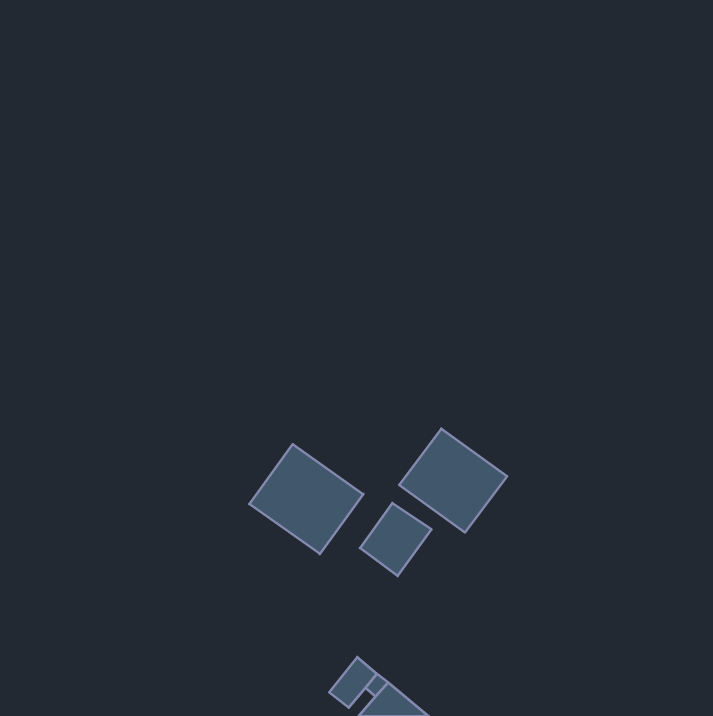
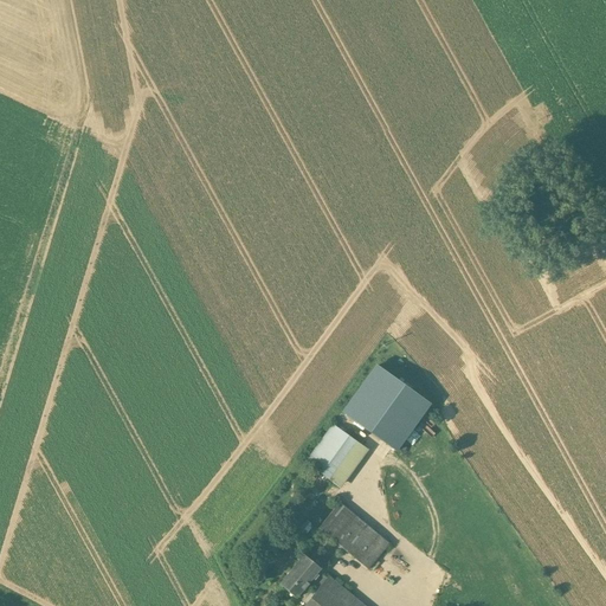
building: [249,444,363,554] -> none
building: none -> [320,503,391,569]

